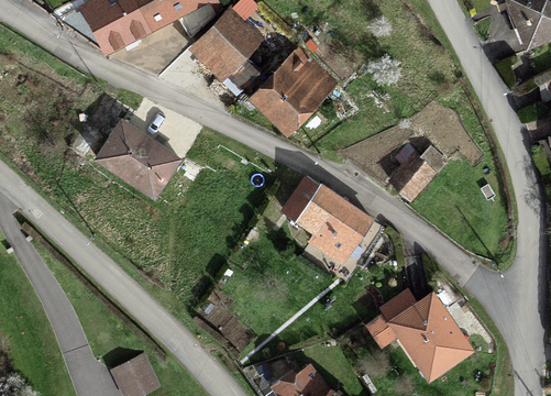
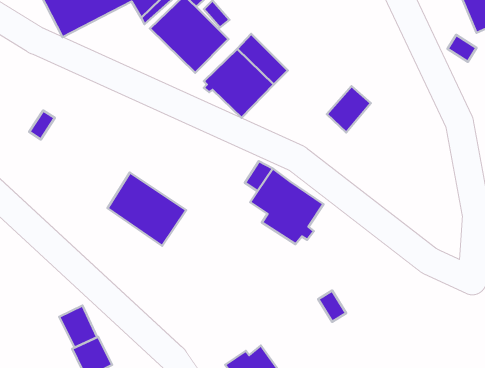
building: [97,121,177,196] -> [107,172,186,246]
building: [390,153,436,200] -> [327,86,371,132]
building: [382,292,469,376] -> none
building: none -> [59,306,97,348]

